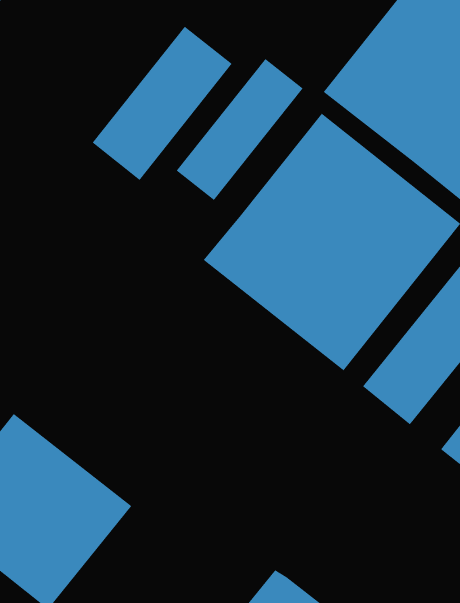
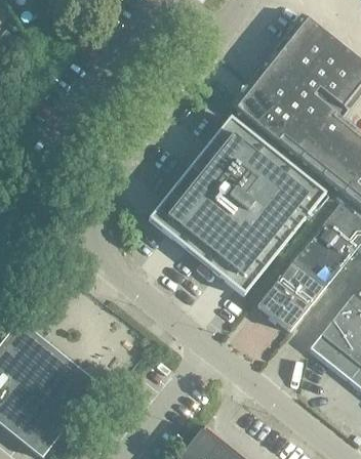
building: [92,26,233,181] -> none
building: [176,58,304,201] -> none

